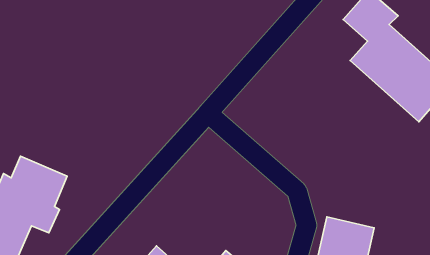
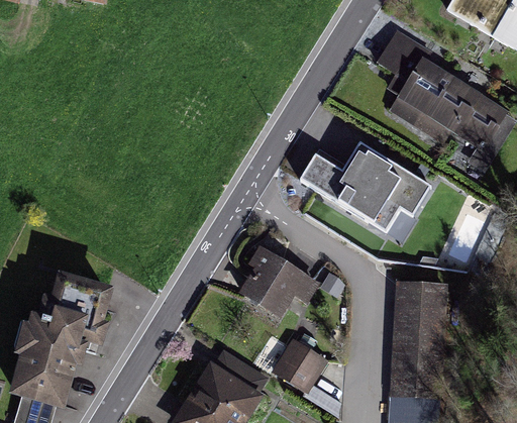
building: none -> [307,146,434,235]
building: none -> [238,246,319,320]

